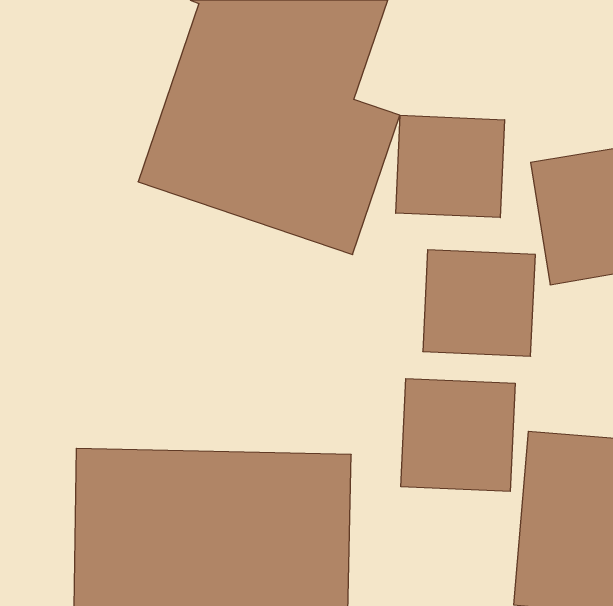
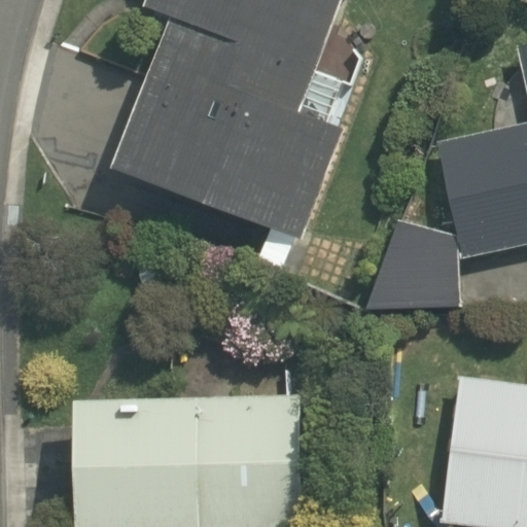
building: [396,115,505,218] -> none
building: [401,379,515,491] -> none

